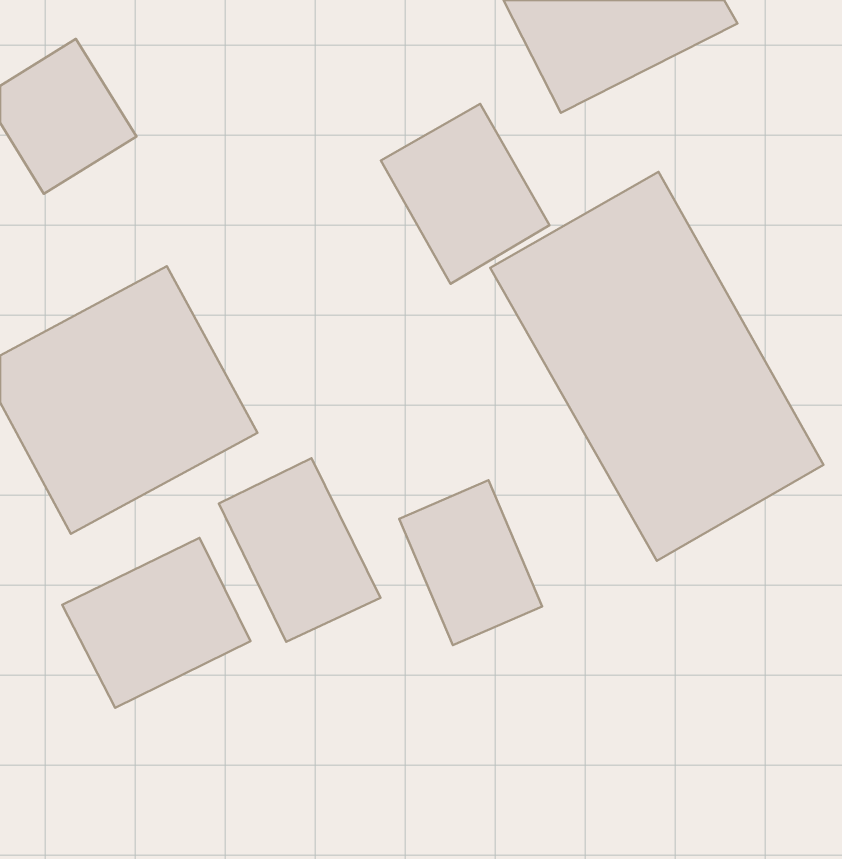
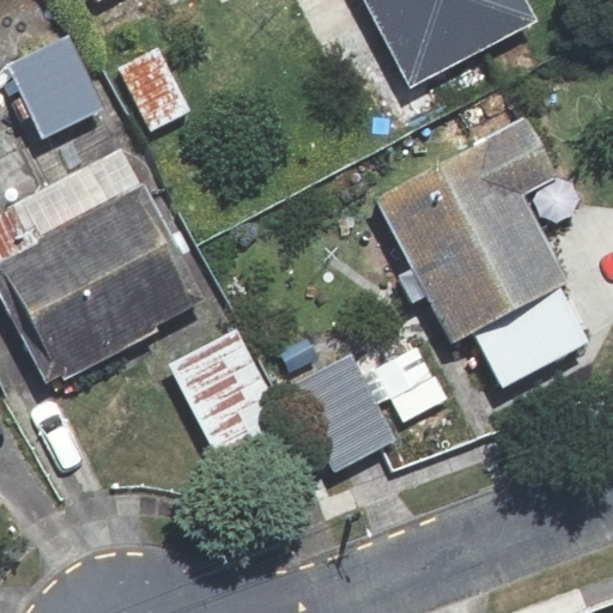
building: [381,104,550,284] -> none
building: [62,538,250,708] -> none

